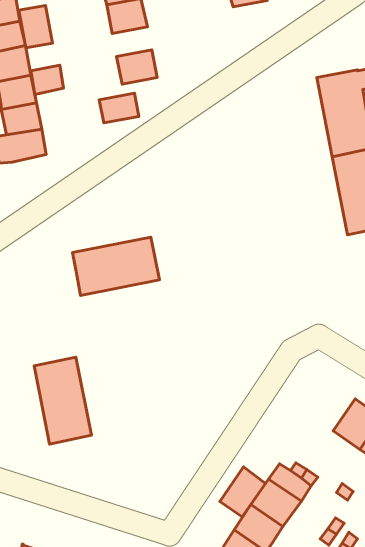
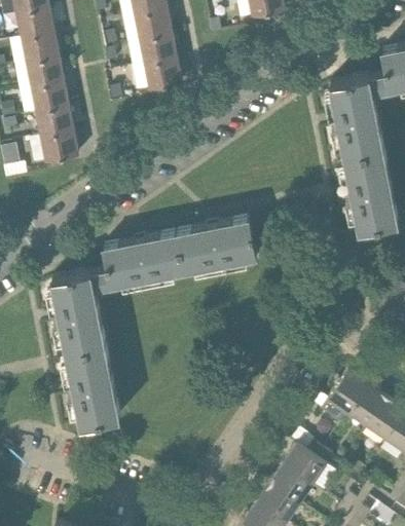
building: [19,5,53,48] -> none
building: [31,65,63,95] -> none
building: [99,93,139,123] -> [139,39,176,67]
building: none -> [175,221,256,275]
building: none -> [51,272,109,355]
building: none -> [319,373,366,426]
building: [220,467,265,517] -> none

